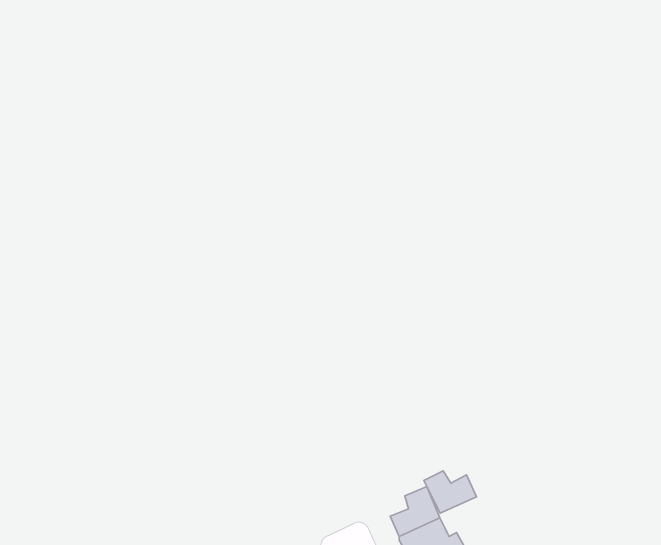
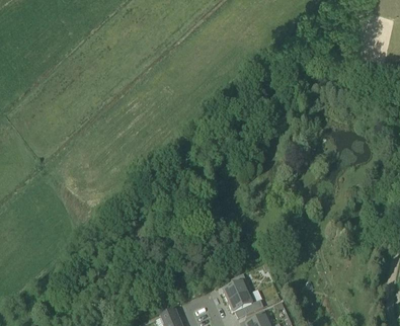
building: [424,471,477,513] -> none

